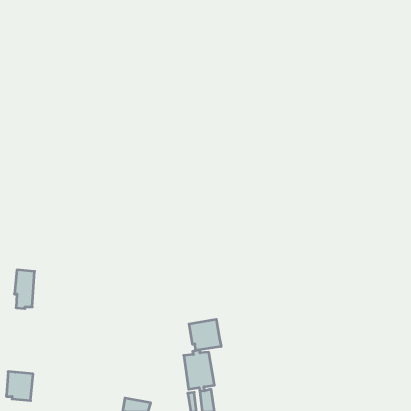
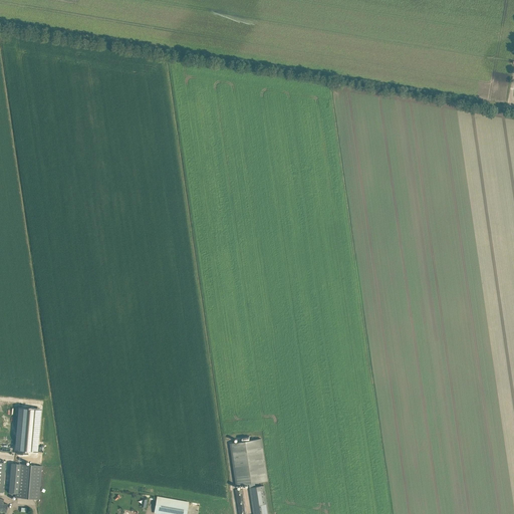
building: [14,270,35,309] -> [14,407,39,455]
building: [189,319,221,350] -> none

